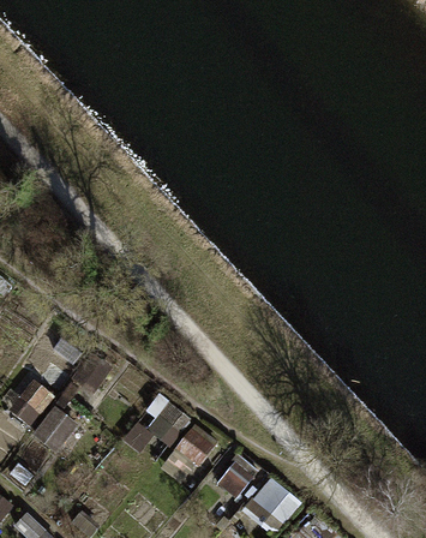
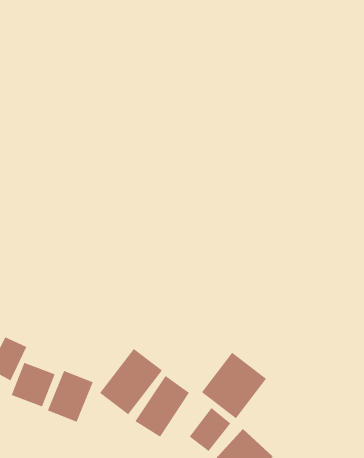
building: none -> [201,352,267,419]
building: none -> [47,370,93,423]

